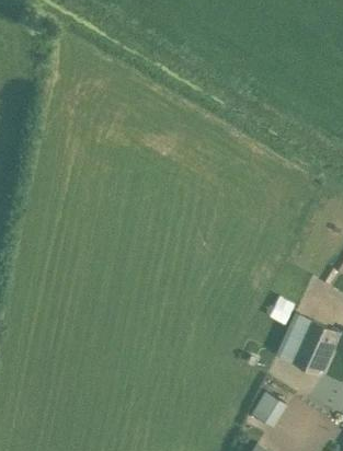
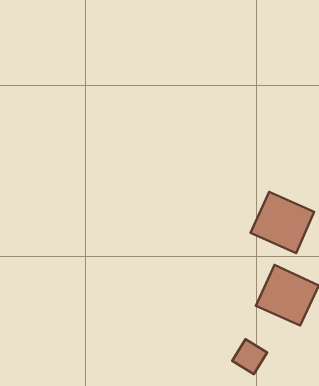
building: none -> [251,192,314,253]

